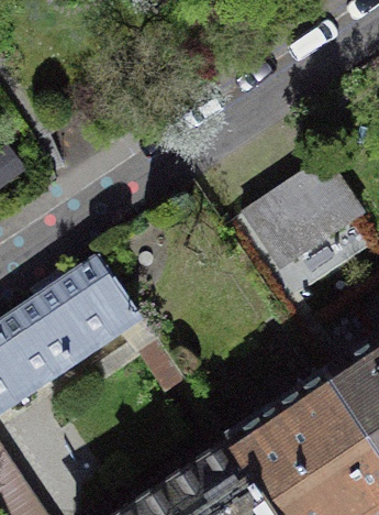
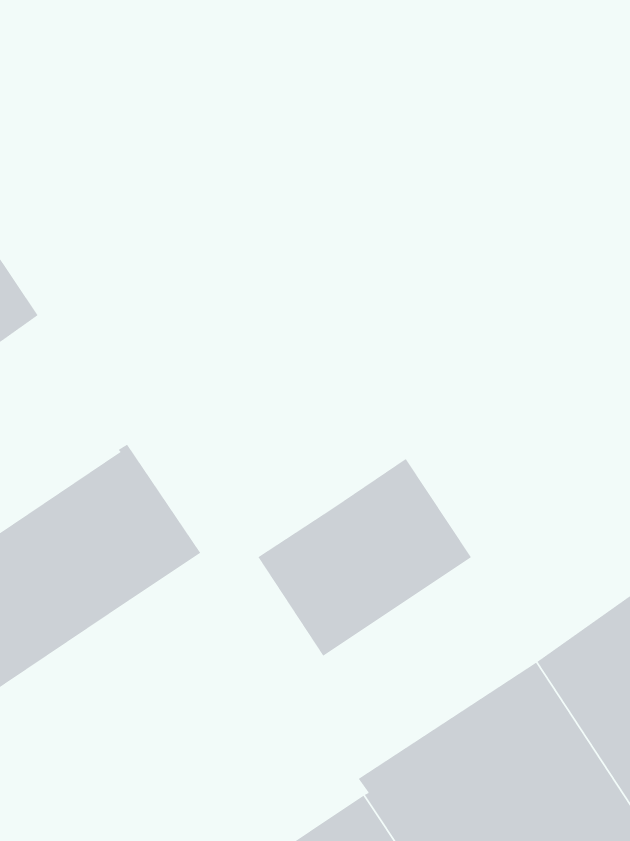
building: [243,160,361,270] -> [257,458,472,656]

